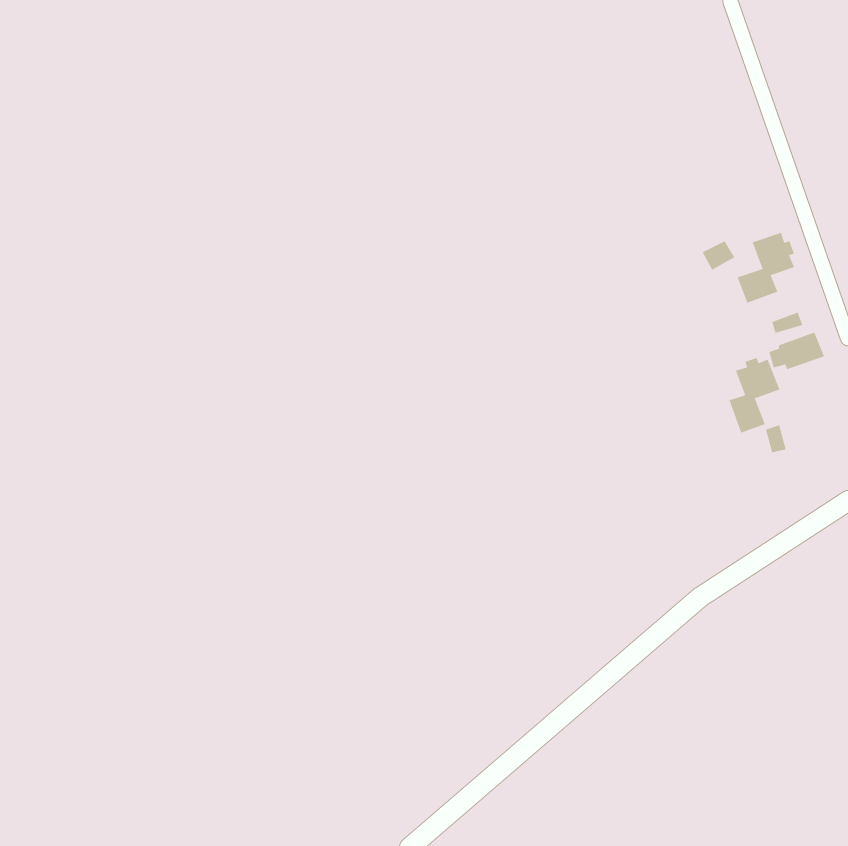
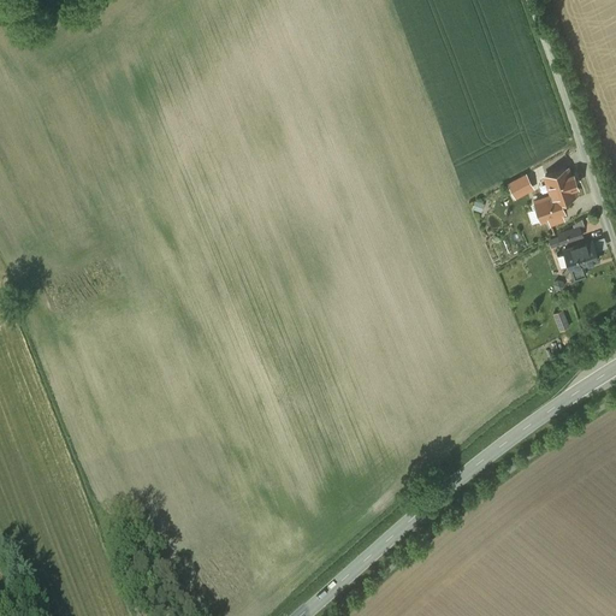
building: [729,357,780,433] -> none

